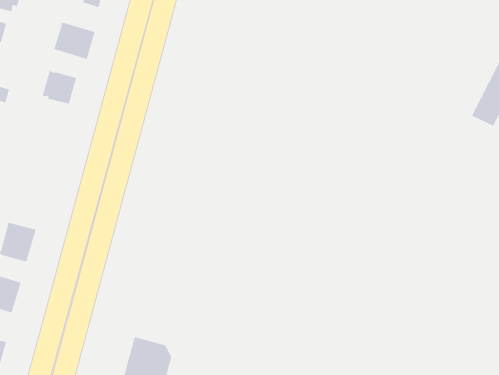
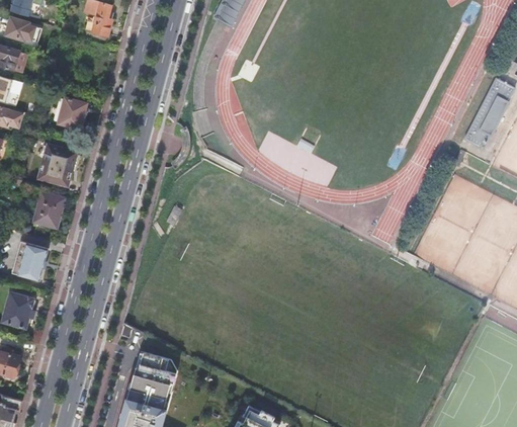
building: [53,22,95,60] -> none
building: none -> [38,146,76,187]
building: none -> [32,193,64,229]

